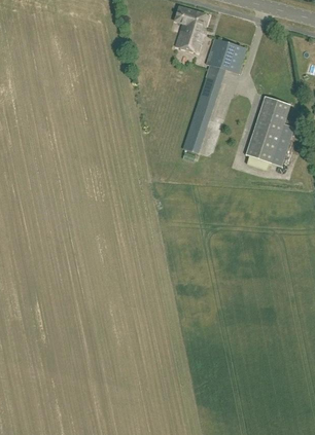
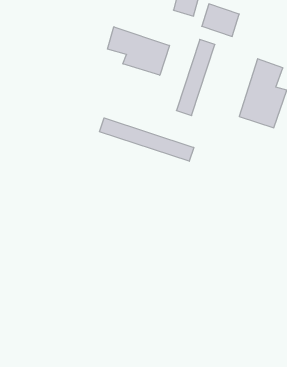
building: none -> [107,27,169,75]
building: none -> [100,118,194,161]

